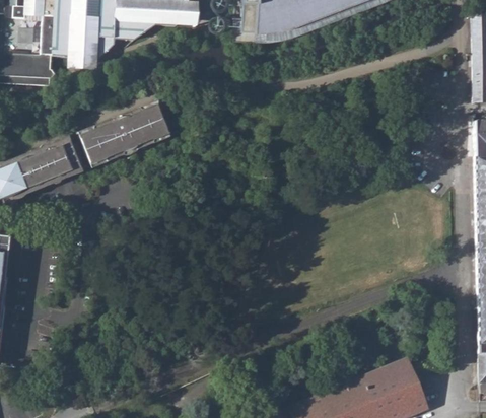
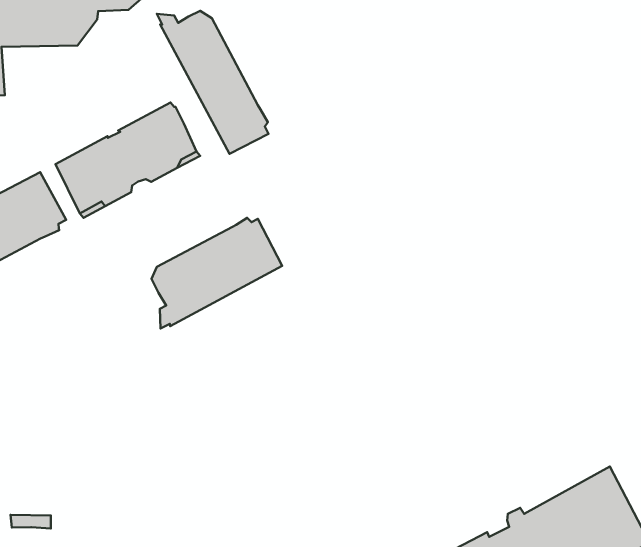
building: none -> [157,11,269,154]
building: none -> [152,218,282,328]

